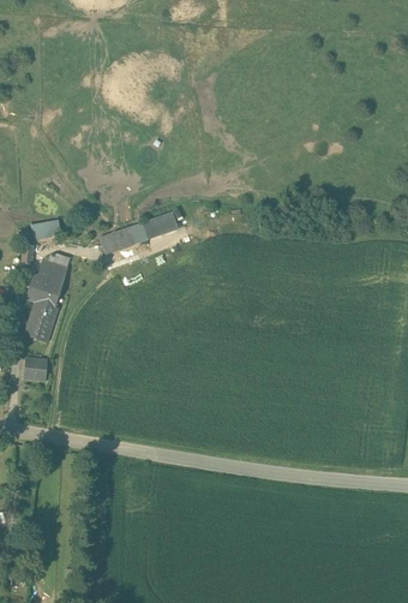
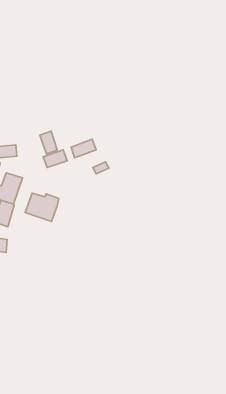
building: none -> [40,131,57,154]
building: none -> [25,193,59,221]

